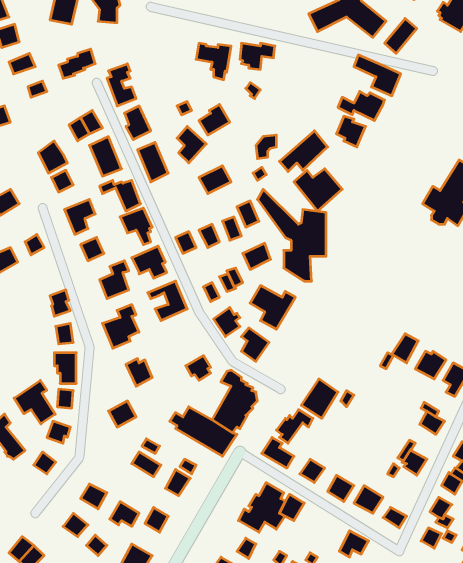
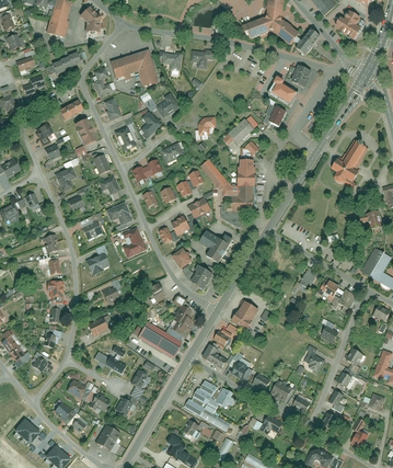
building: none -> [105,46,158,89]
building: none -> [132,160,164,185]
building: [14,380,55,424] -> none

